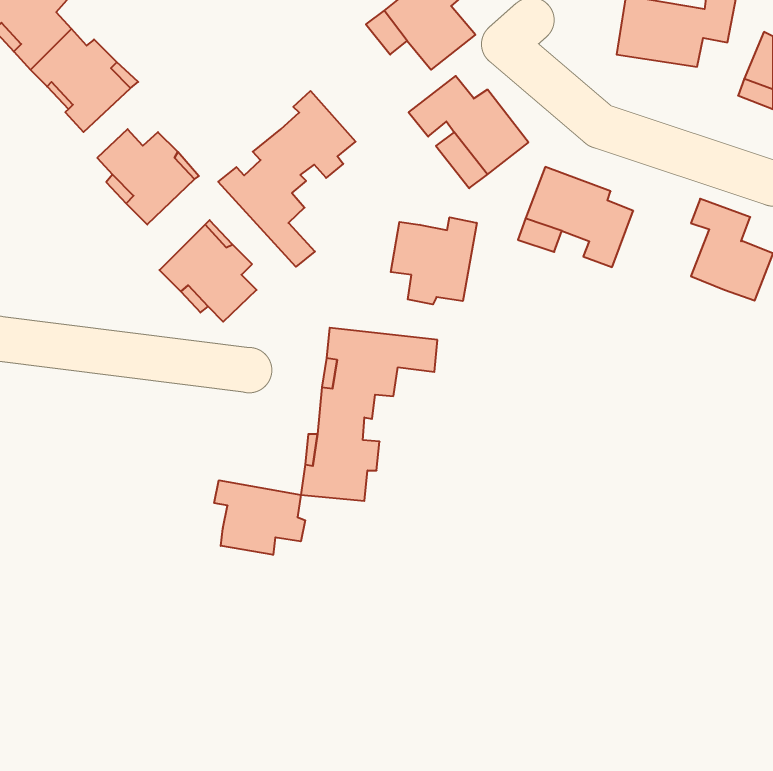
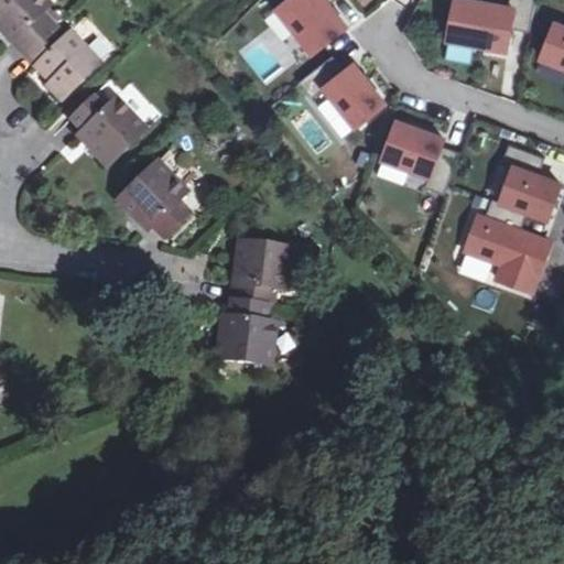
building: [218,91,356,267] -> none
building: [391,217,477,304] -> none
building: none -> [466,197,549,291]
building: [214,480,305,555] -> none

